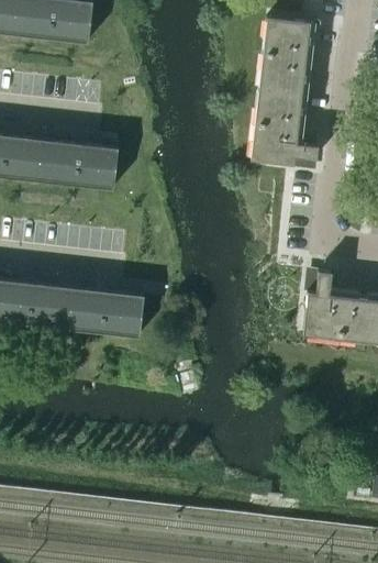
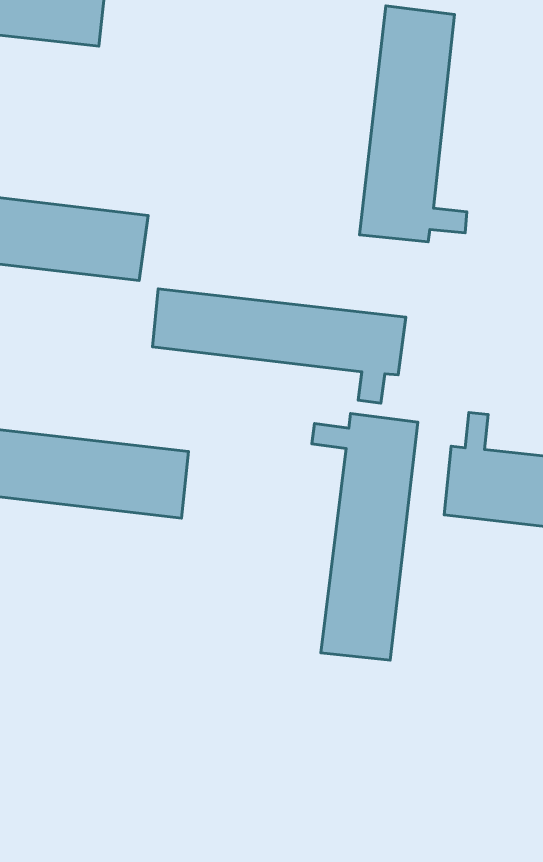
building: none -> [152,289,406,403]
building: none -> [312,413,418,660]

